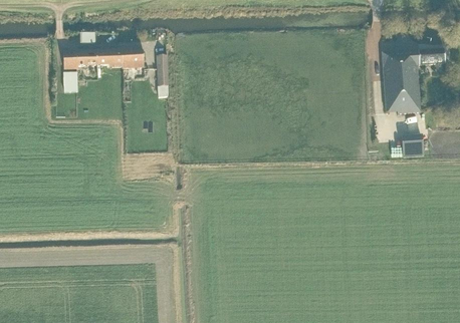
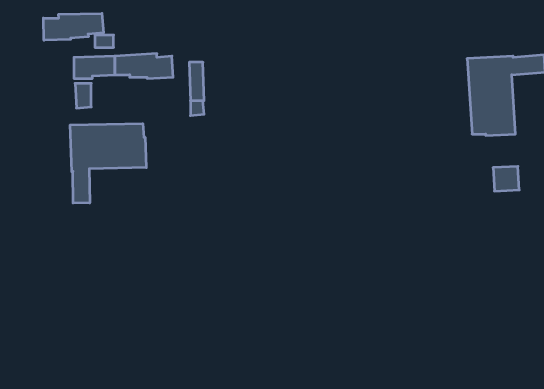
building: none -> [43,13,103,40]
building: none -> [70,124,146,203]

